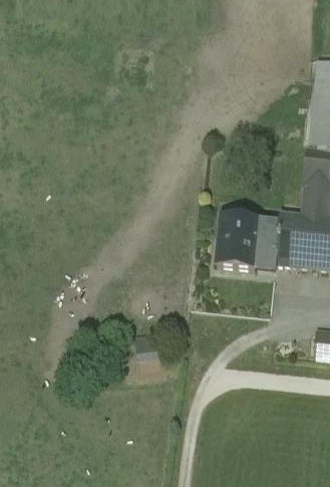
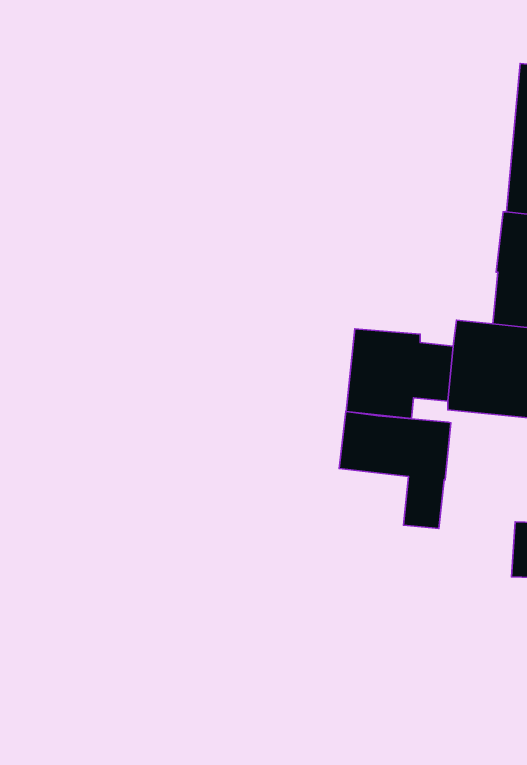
building: none -> [339,412,451,529]

